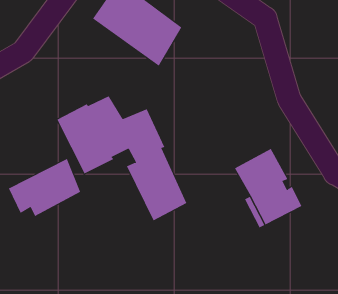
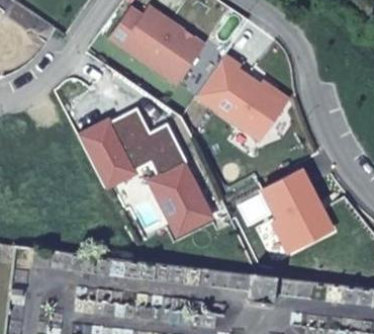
building: none -> [194,52,282,137]
building: [8,158,81,217] -> none

